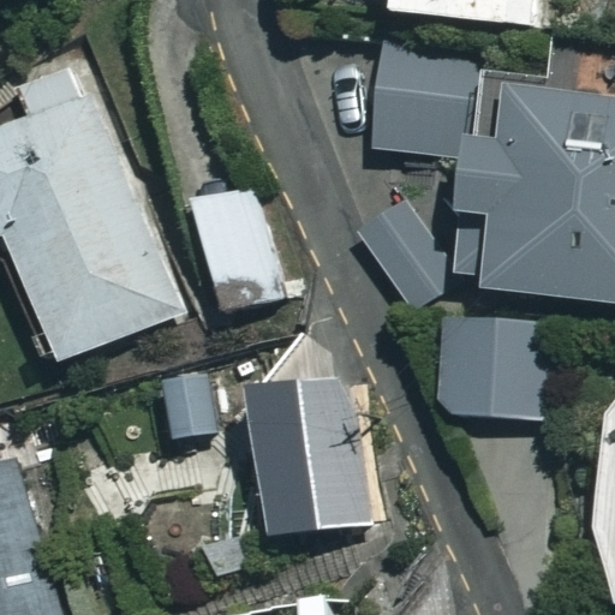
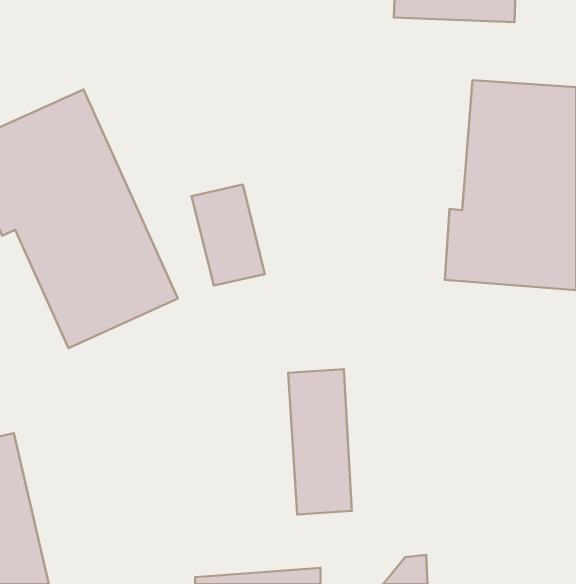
building: [369,48,462,156] -> none
building: [444,316,542,413] -> none

